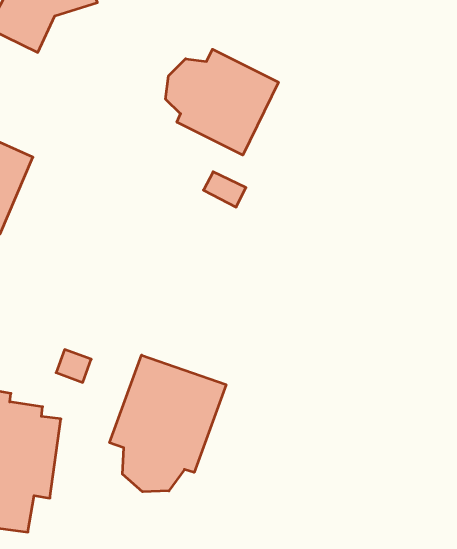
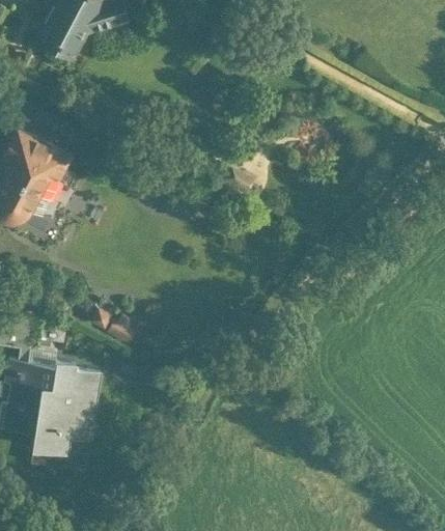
building: [166,49,278,155] -> none
building: [110,355,226,492] -> none

